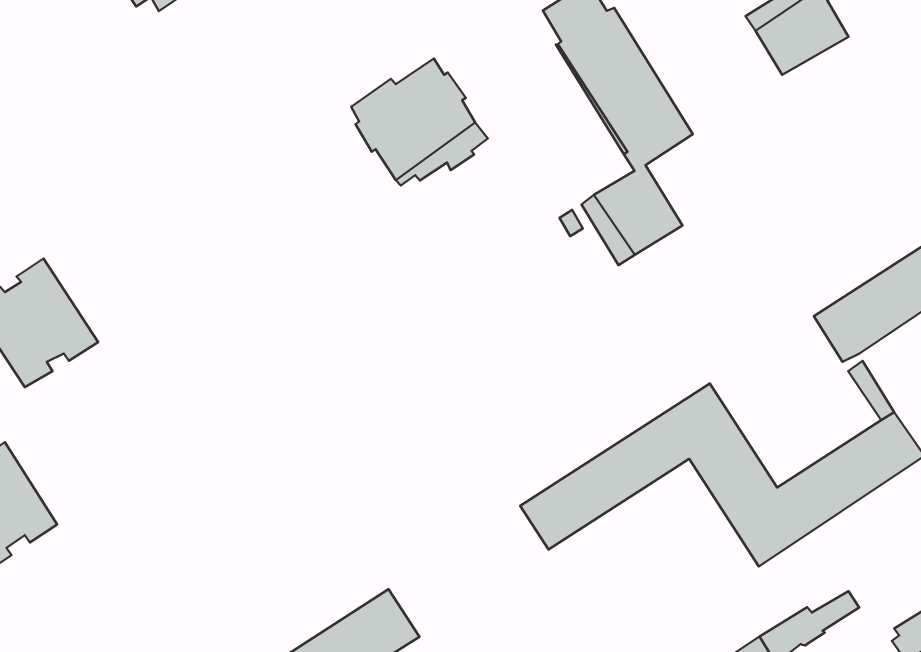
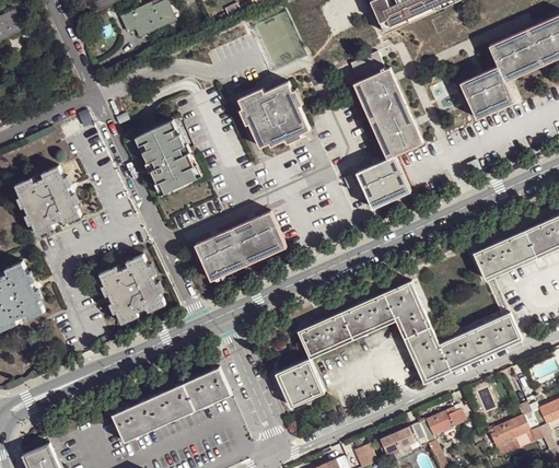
building: none -> [135,120,196,194]
building: none -> [191,204,284,274]
building: none -> [97,249,164,319]
building: none -> [273,360,322,408]

